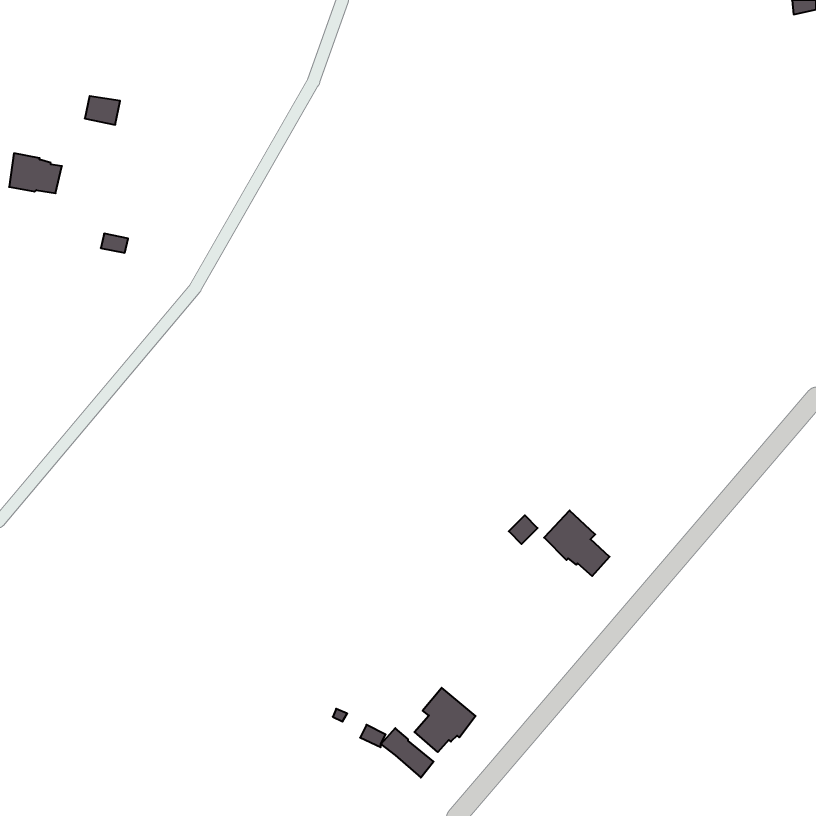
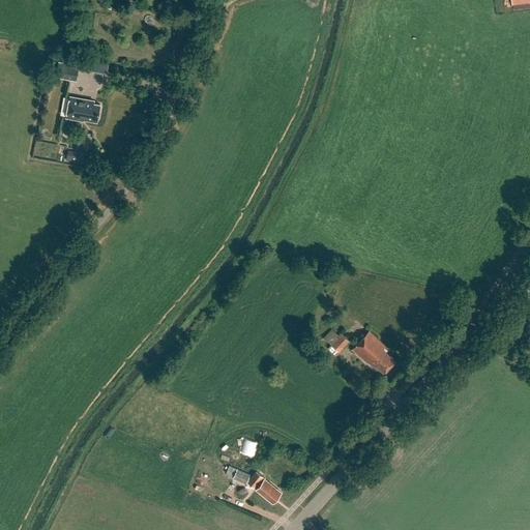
building: [9,153,62,193] -> [65,97,99,123]
building: [414,688,476,752] -> none

